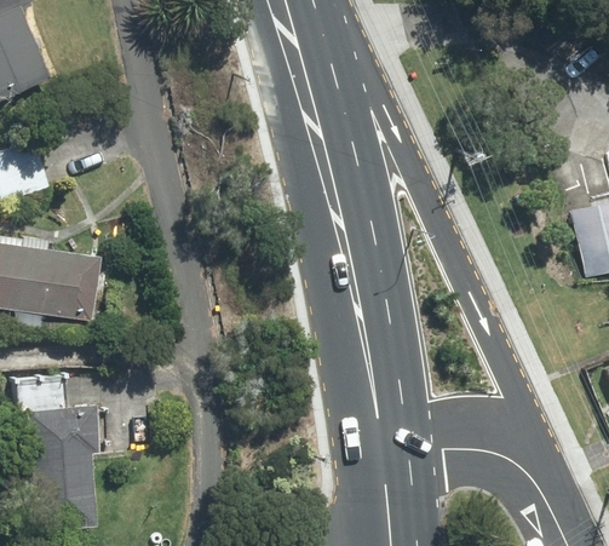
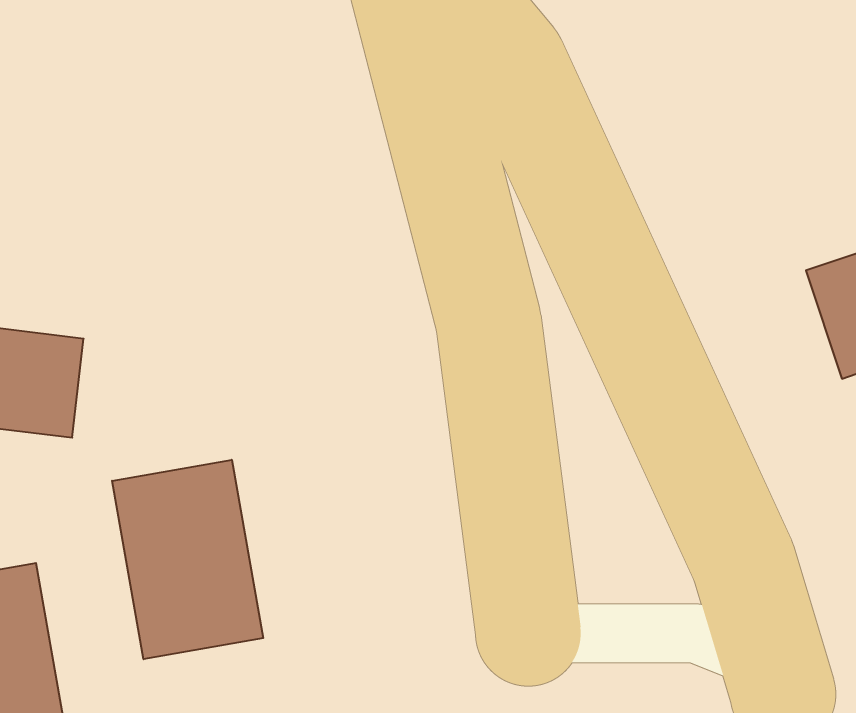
building: none -> [112,460,263,659]

